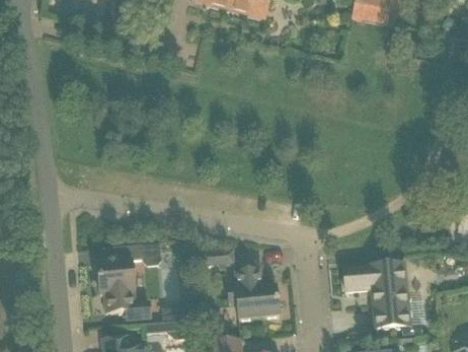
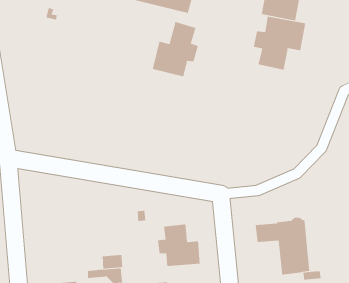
building: none -> [253,16,306,71]
building: none -> [152,21,199,77]
building: [97,240,162,319] -> none

